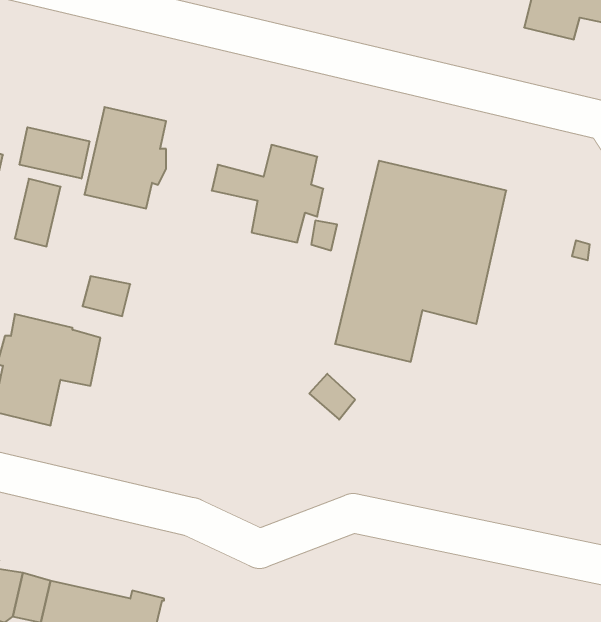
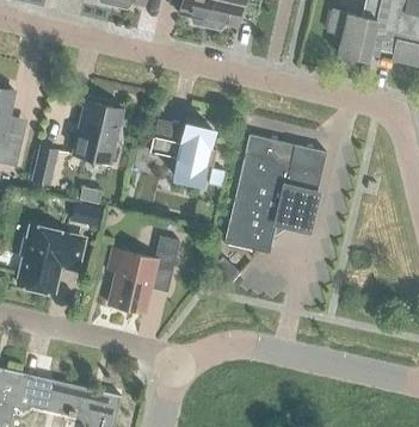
building: [20,127,89,179] -> none
building: none -> [107,236,179,312]

